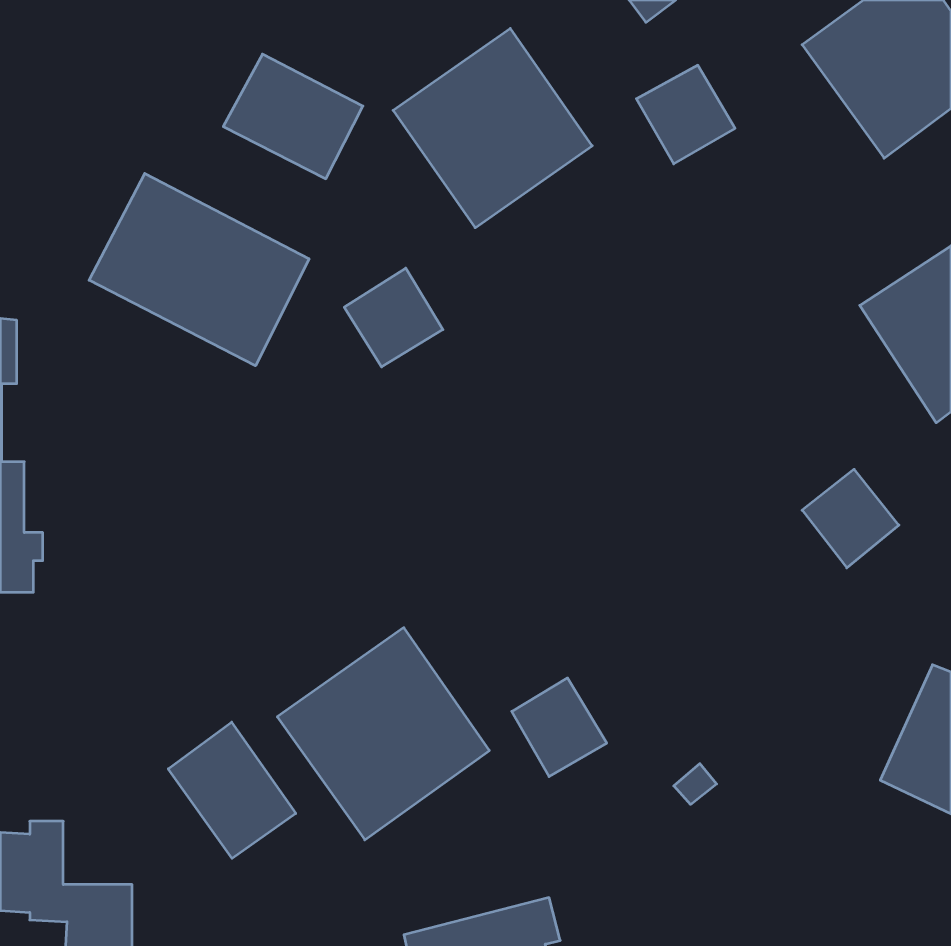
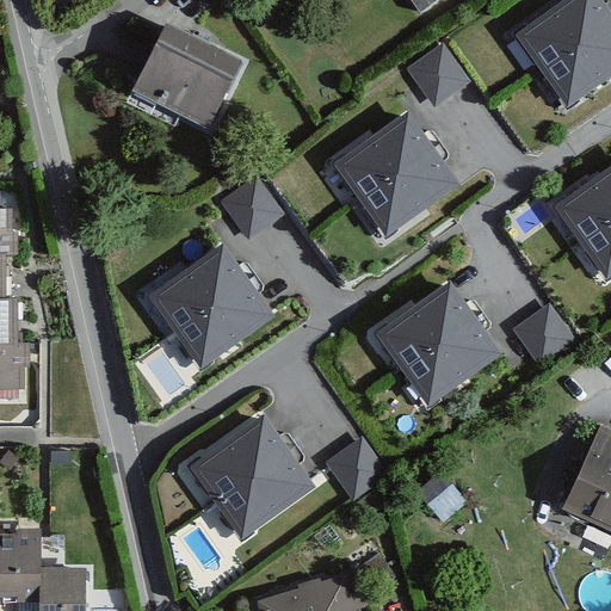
building: [393,28,592,228] -> [337,110,464,237]
building: [89,173,309,366] -> none
building: none -> [141,235,276,371]
building: none -> [375,286,501,411]
building: [168,722,296,858] -> none

